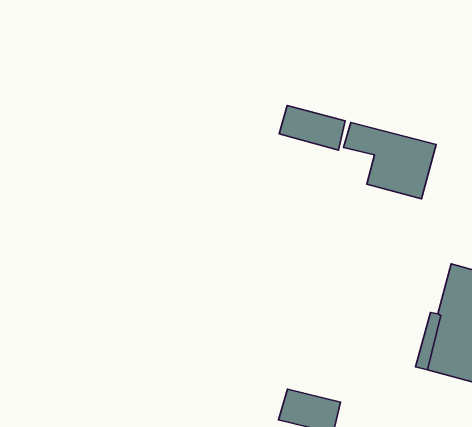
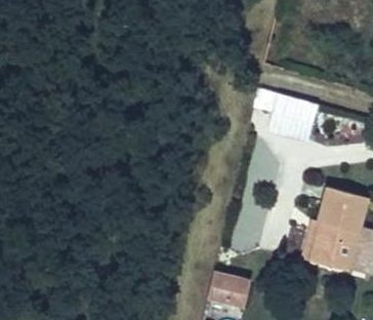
building: [279,106,345,150] -> none

